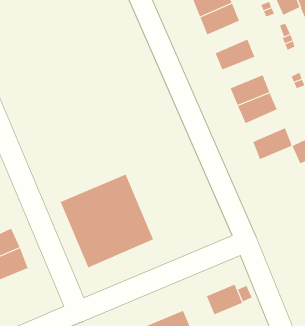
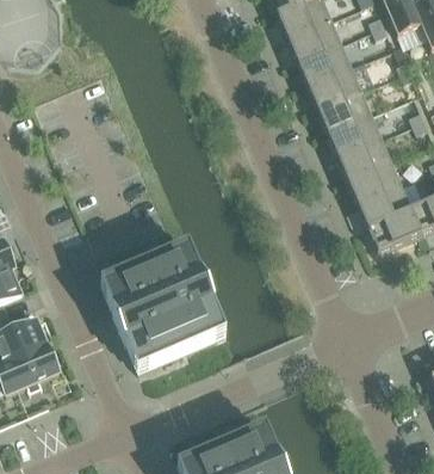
building: none -> [296,41,351,84]
building: none -> [316,88,371,130]
building: none -> [347,159,401,202]
building: none -> [366,208,420,251]
building: [206,284,243,315] -> none

